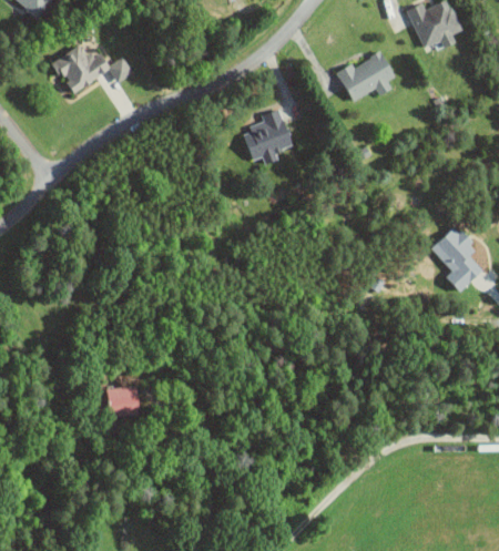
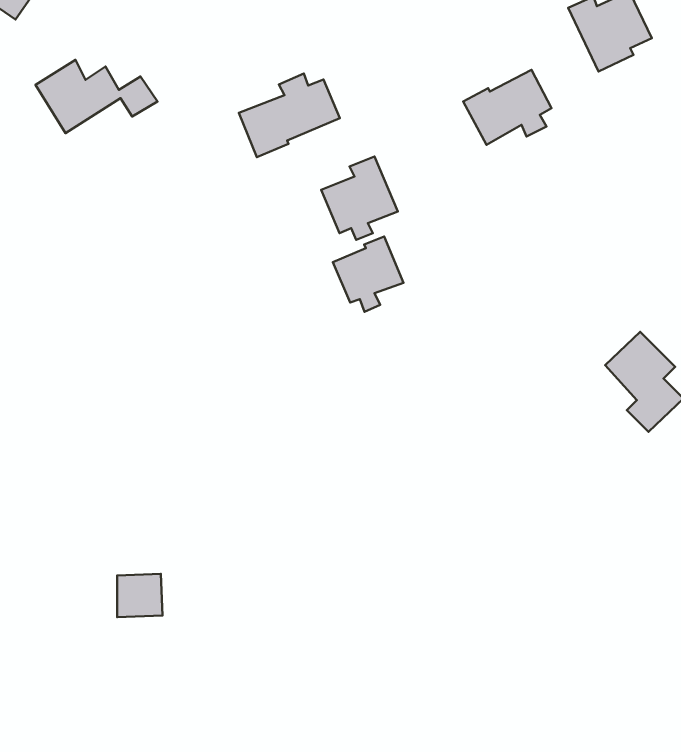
building: none -> [239,73,340,157]
building: none -> [333,236,403,312]

